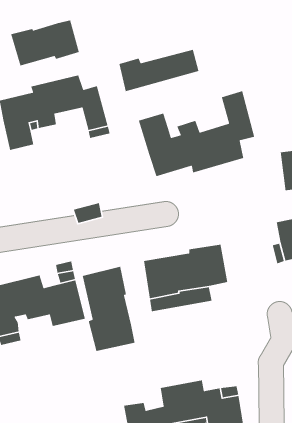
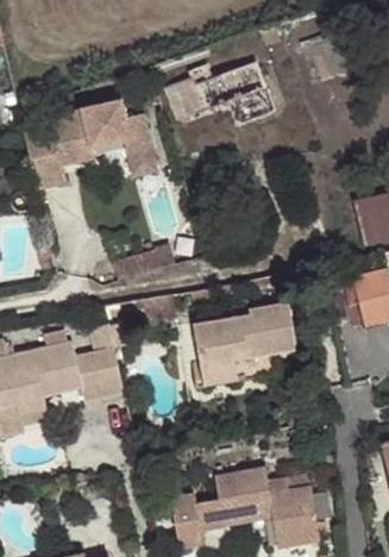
building: [10,20,80,67] -> none
building: [138,90,255,177] -> none
building: [82,266,135,352] -> none

